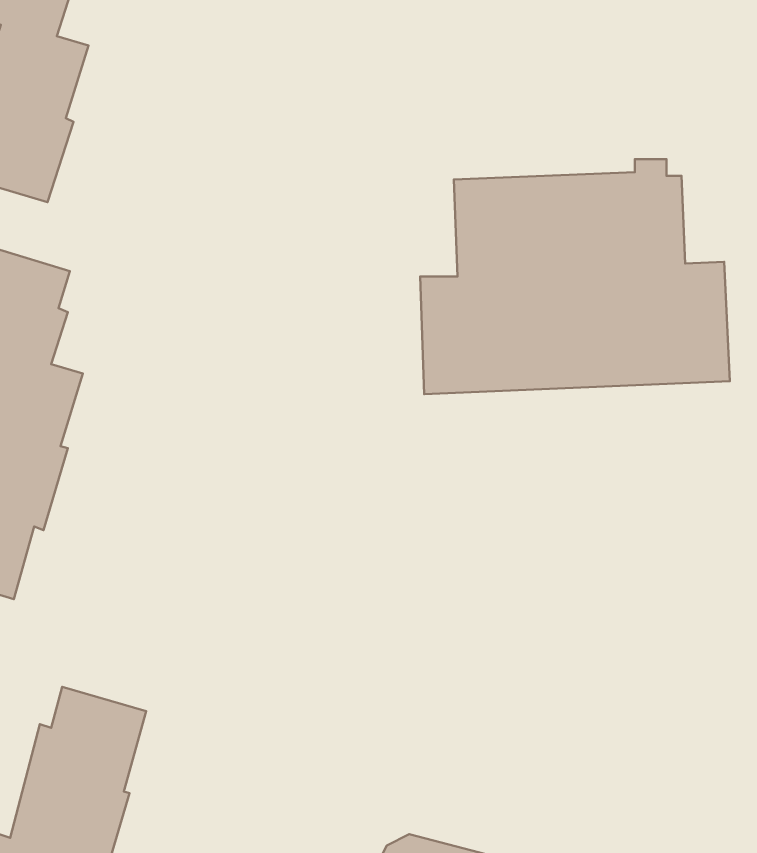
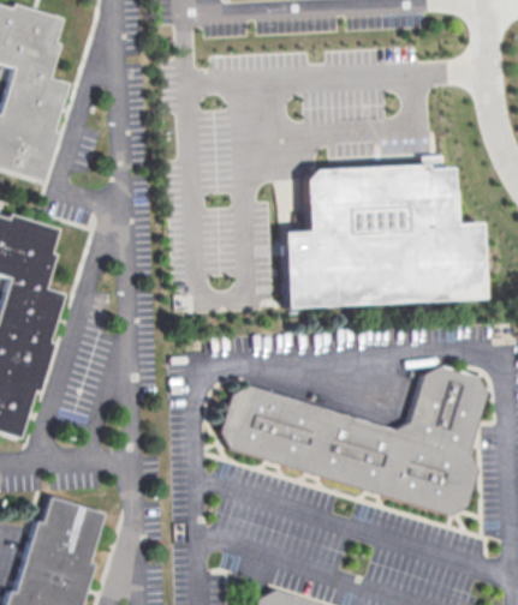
building: none -> [224,365,488,514]

